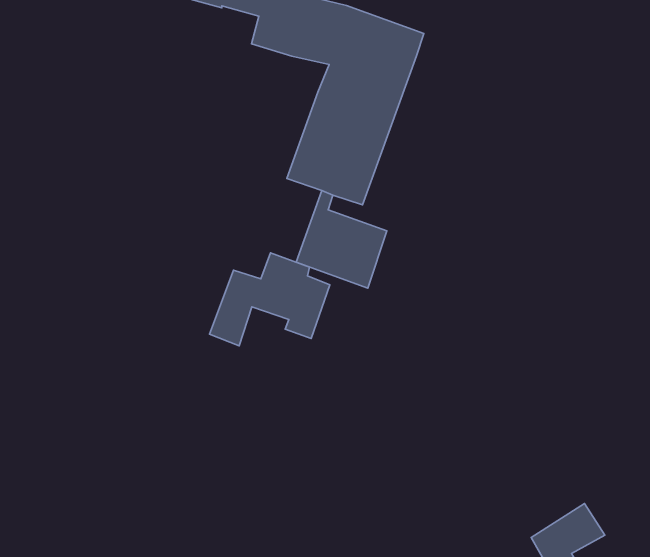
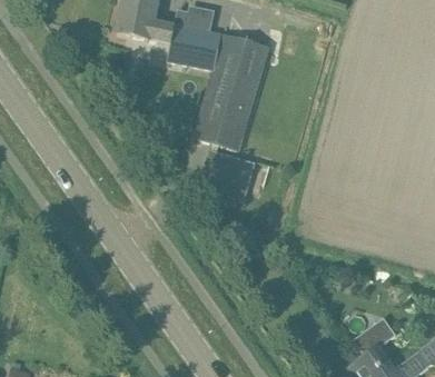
building: [209,253,330,346] -> none

